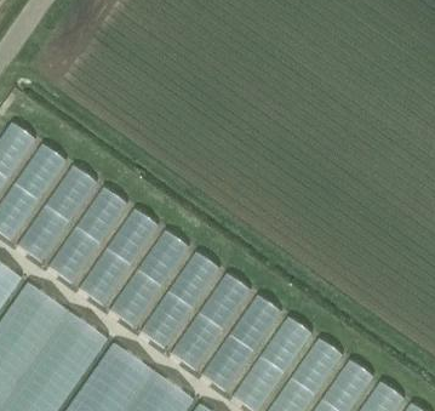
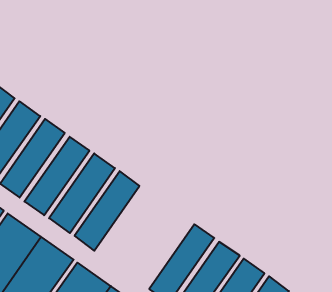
building: [139,252,219,349] -> none
building: [170,274,251,371] -> none

